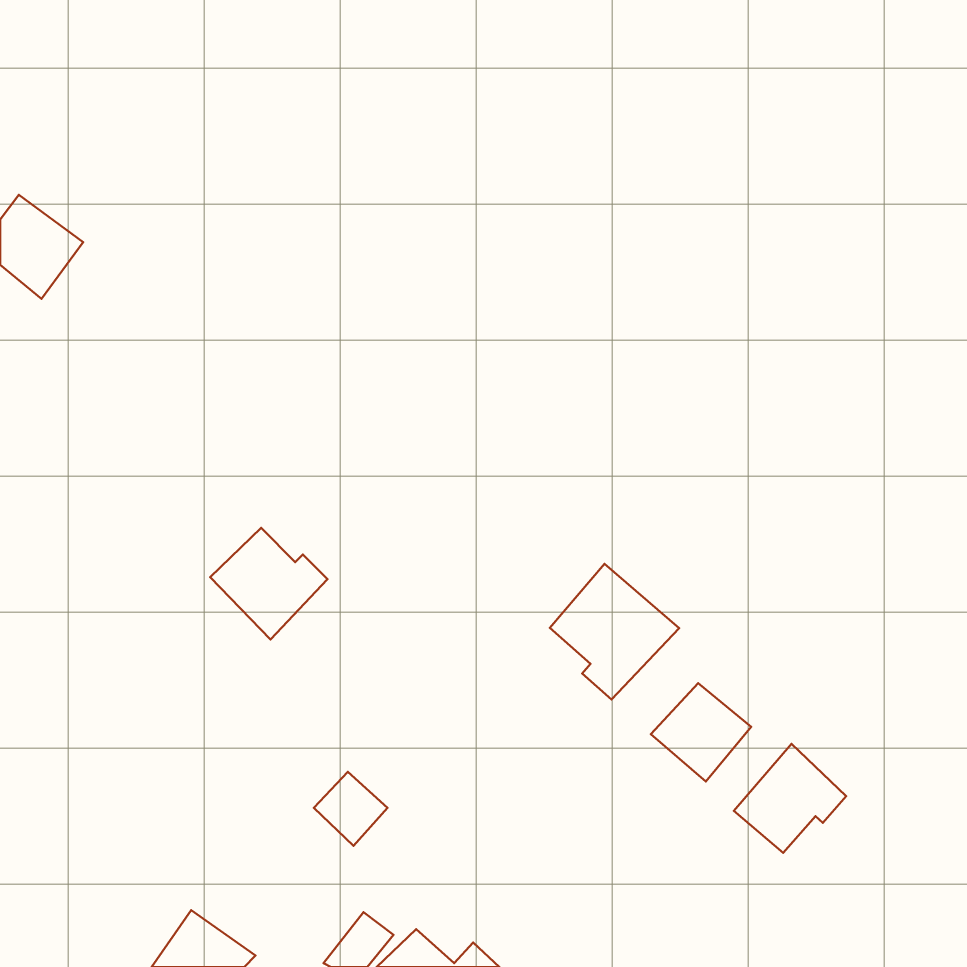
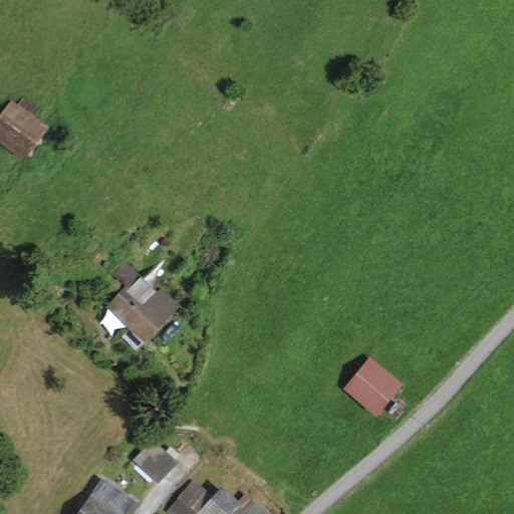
building: [550,564,679,700] -> none
building: [734,744,846,853] -> none
building: [314,772,388,846] -> [135,442,174,481]

